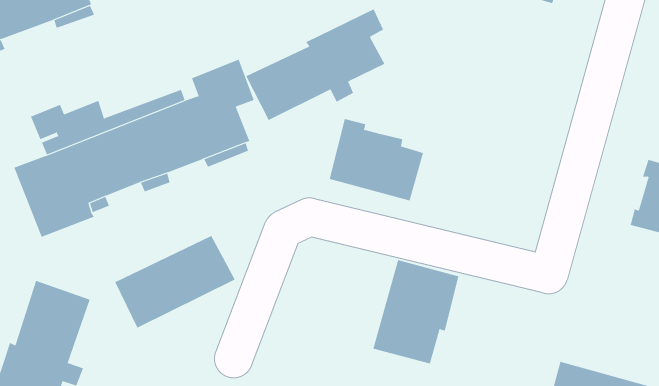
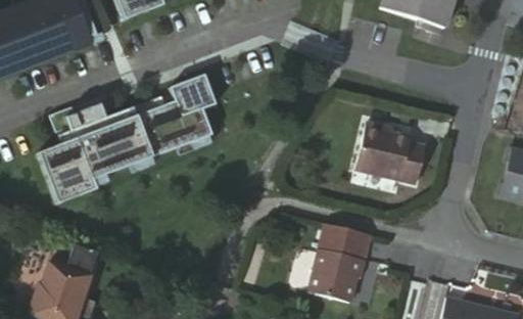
building: [246,8,385,121] -> none
building: [329,119,424,201] -> [356,119,427,180]
building: [115,235,235,328] -> none

